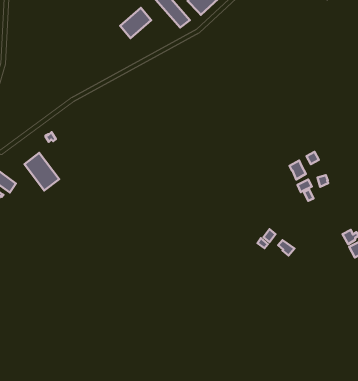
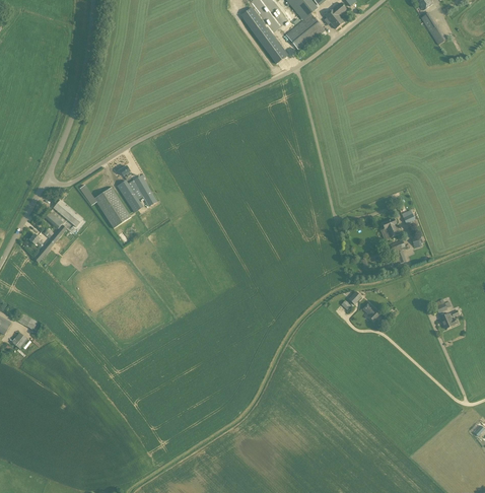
building: [120,8,151,38] -> none
building: none -> [116,172,156,211]

